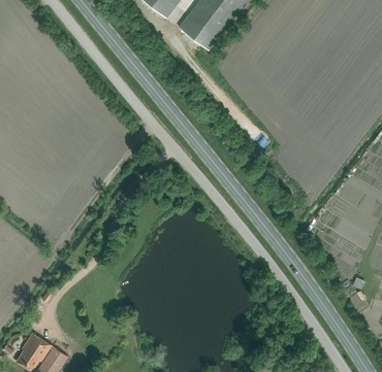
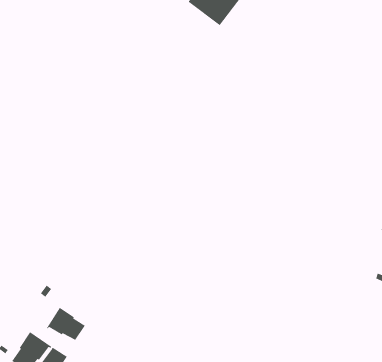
building: none -> [46,307,86,341]

